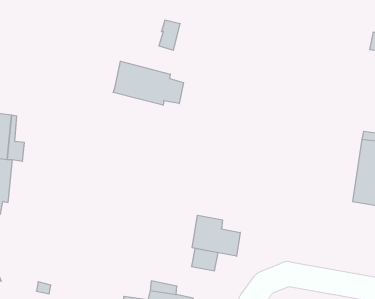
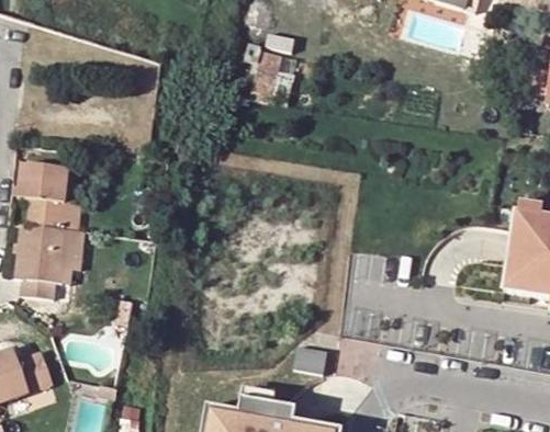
building: [113,61,183,105] -> none
building: none -> [59,229,89,286]
building: [192,215,240,256] -> none

